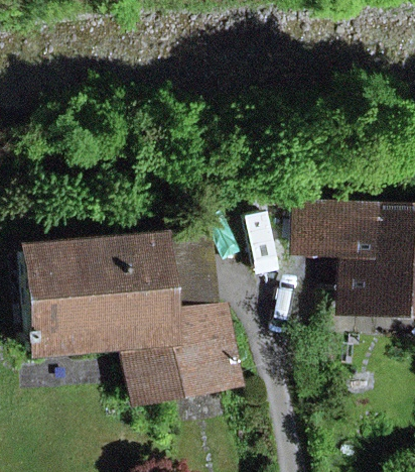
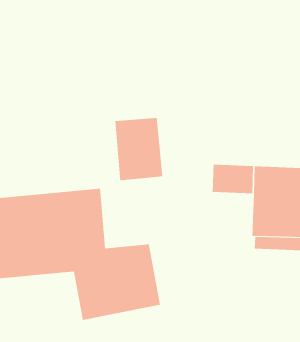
building: [159,235,219,313] -> [115,117,163,181]

